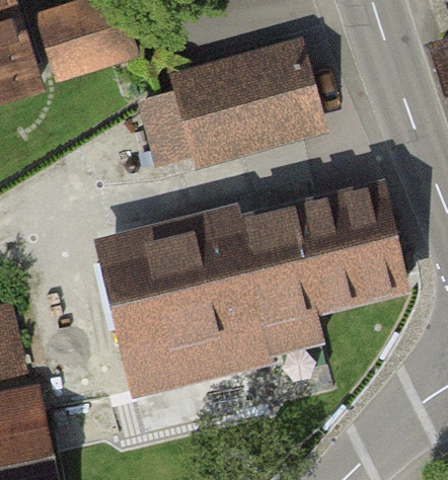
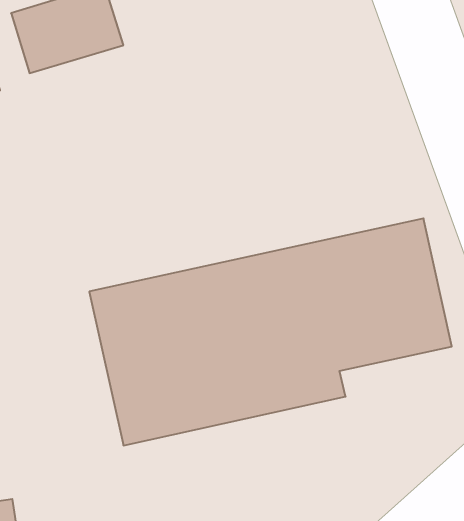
building: [143,53,315,161] -> none

